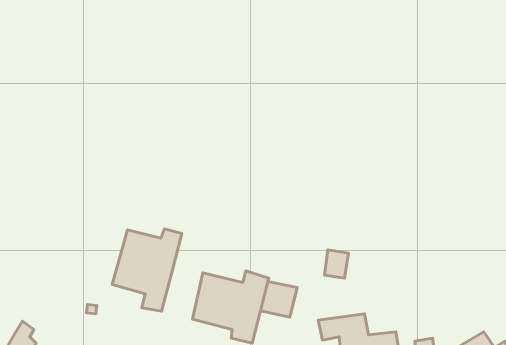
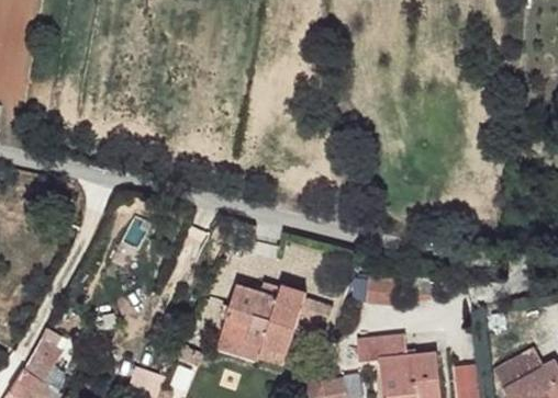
building: [112,229,182,311] -> none

